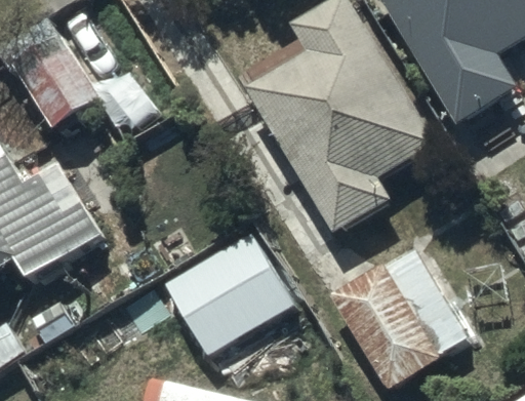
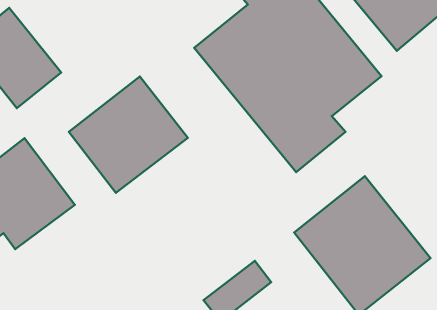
building: none -> [69,76,188,193]
building: [164,234,290,354] -> none

